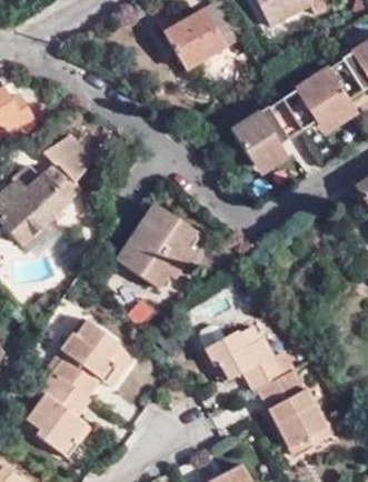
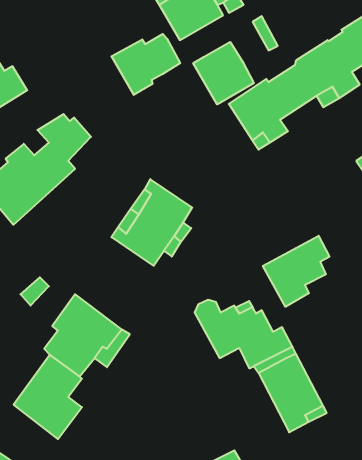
building: none -> [111,34,180,95]
building: none -> [193,42,254,104]
building: none -> [263,236,329,307]

